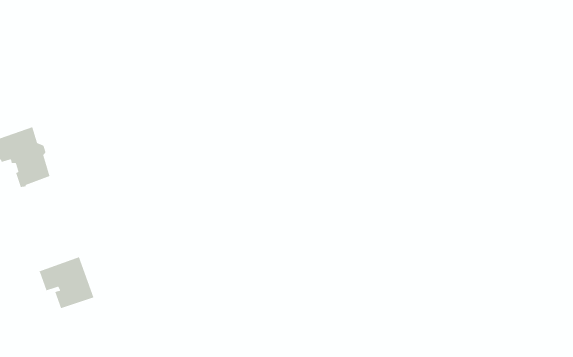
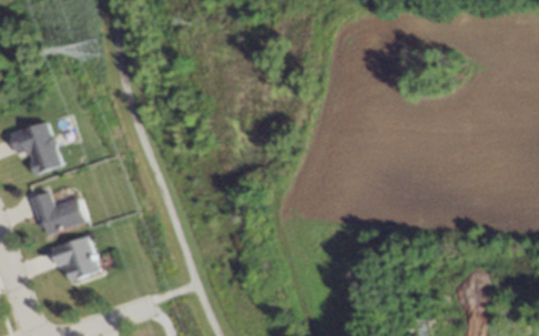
building: none -> [31,192,87,235]

